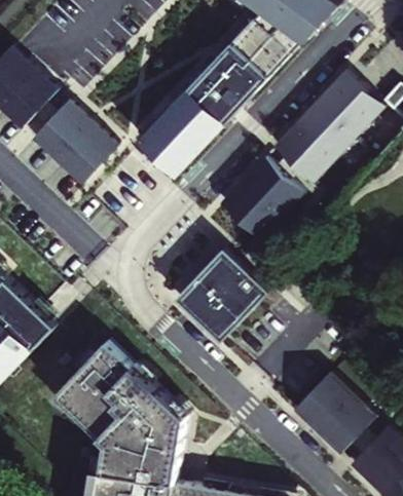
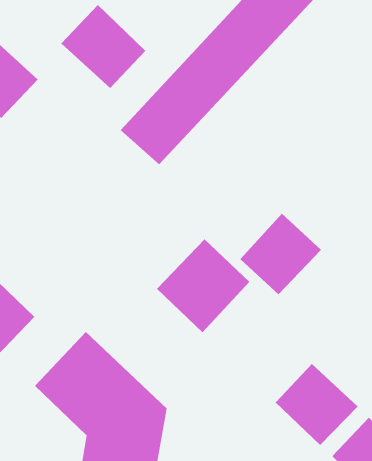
building: [273,70,382,183] -> none
building: [31,100,116,184] -> [61,4,146,89]
building: [220,157,302,239] -> [239,213,322,295]

